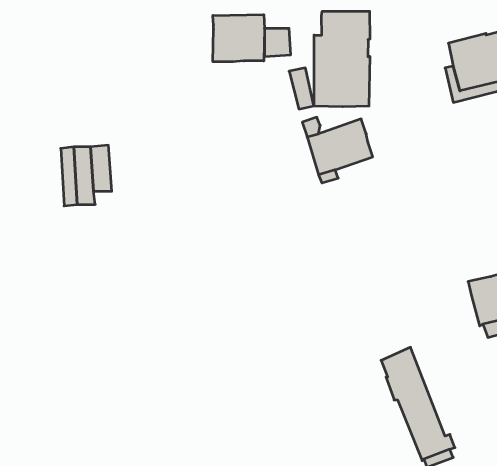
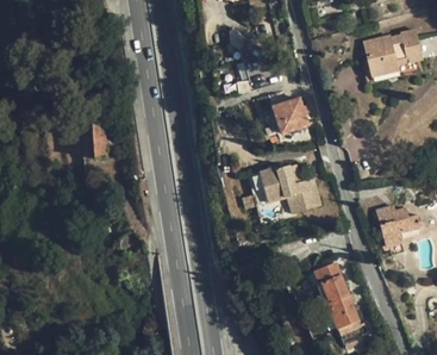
building: [314,11,370,107] -> none
building: [213,15,264,62] -> none
building: none -> [248,164,320,222]

